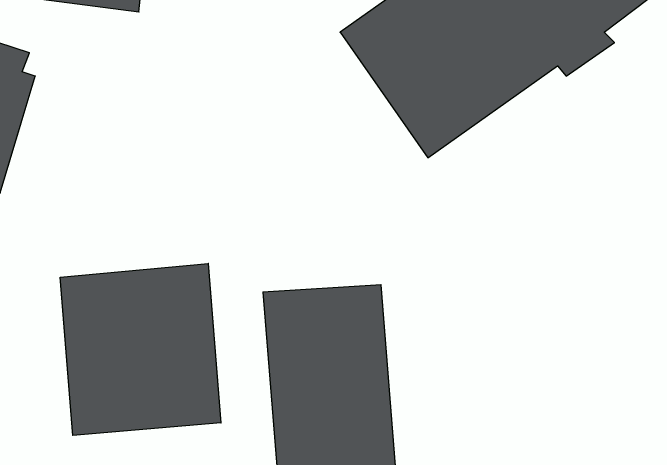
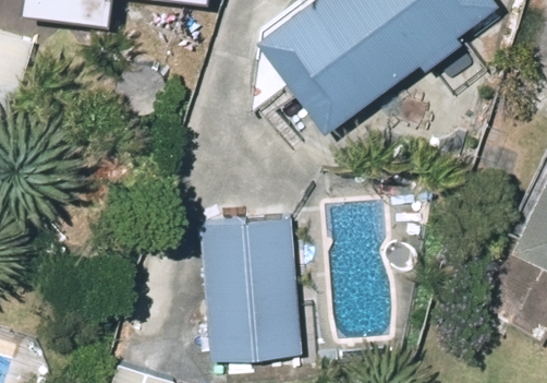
building: [60,263,221,435] -> none

